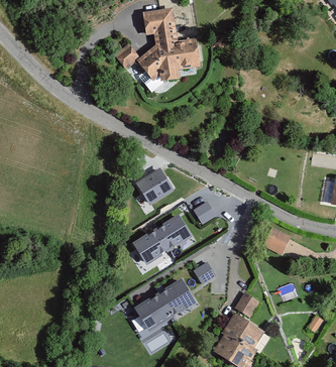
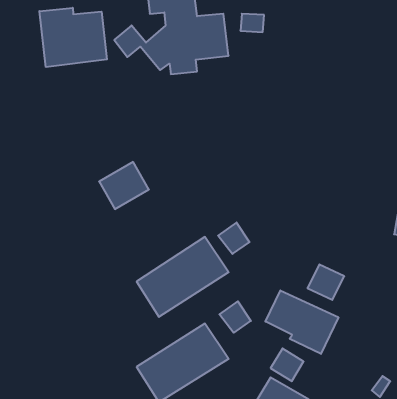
building: none -> [39,8,107,67]
building: [140,163,179,200] -> [99,162,149,209]
building: none -> [265,290,338,354]

